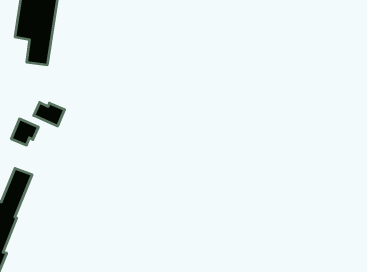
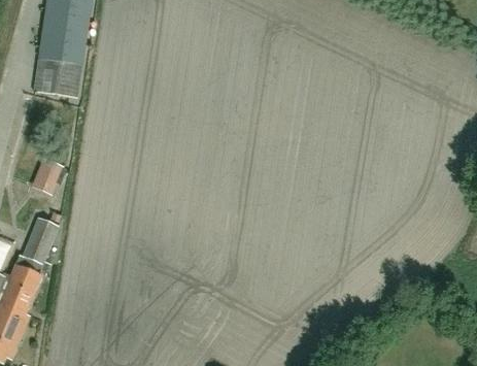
building: [34,102,65,126] -> none

